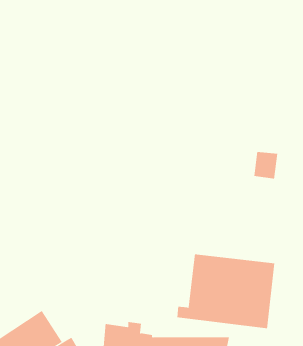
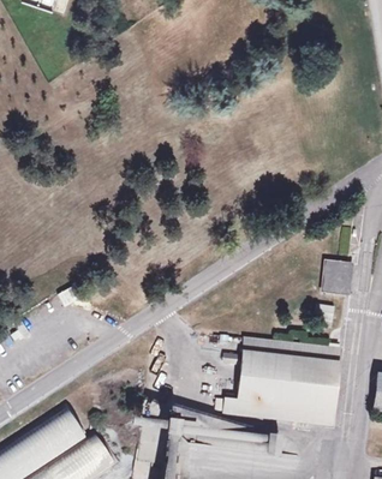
building: [253,151,278,179] -> [322,265,351,298]

